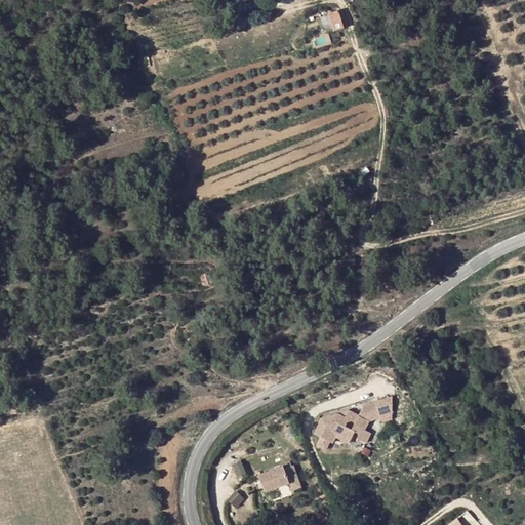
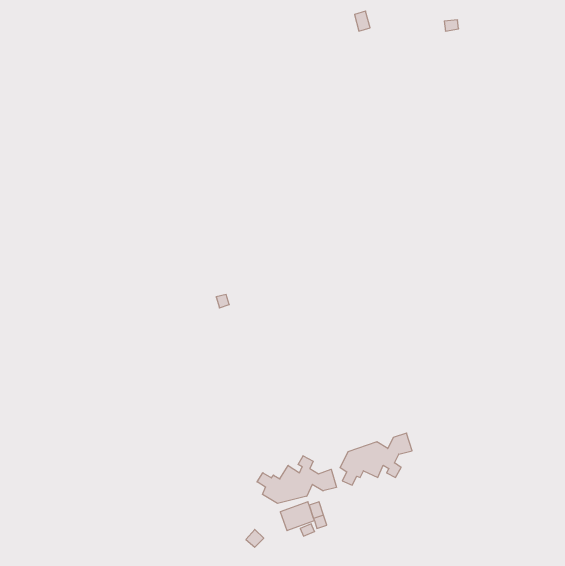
building: none -> [257,456,336,503]

